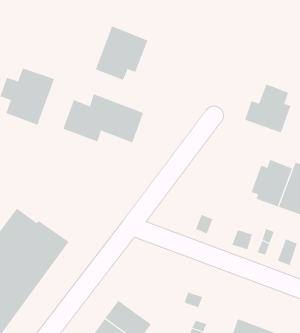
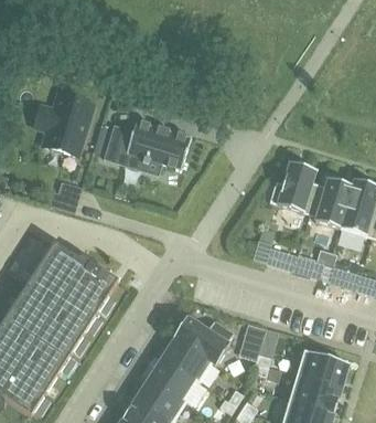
building: [95,26,148,80] -> none
building: [244,84,291,133] -> [268,162,318,214]
building: none -> [172,316,233,364]

